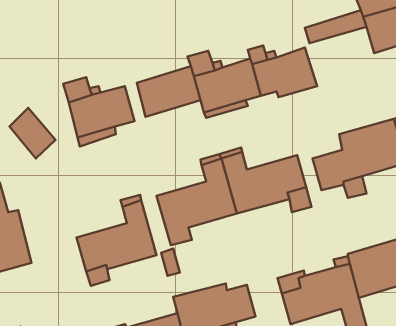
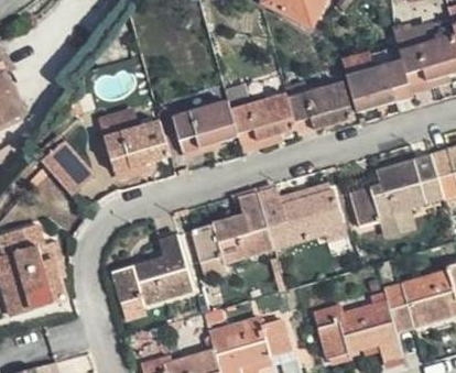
building: none -> [346,61,413,113]

